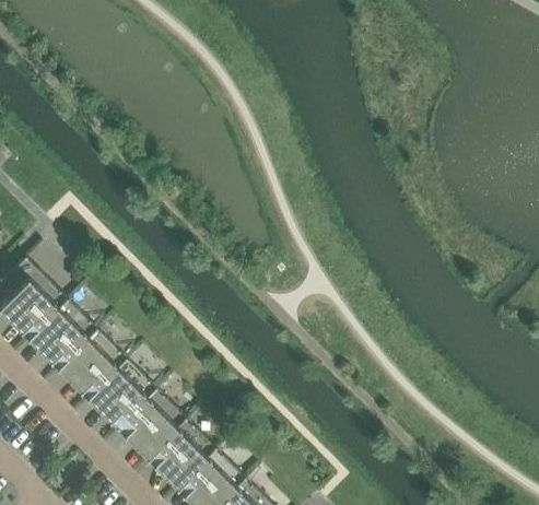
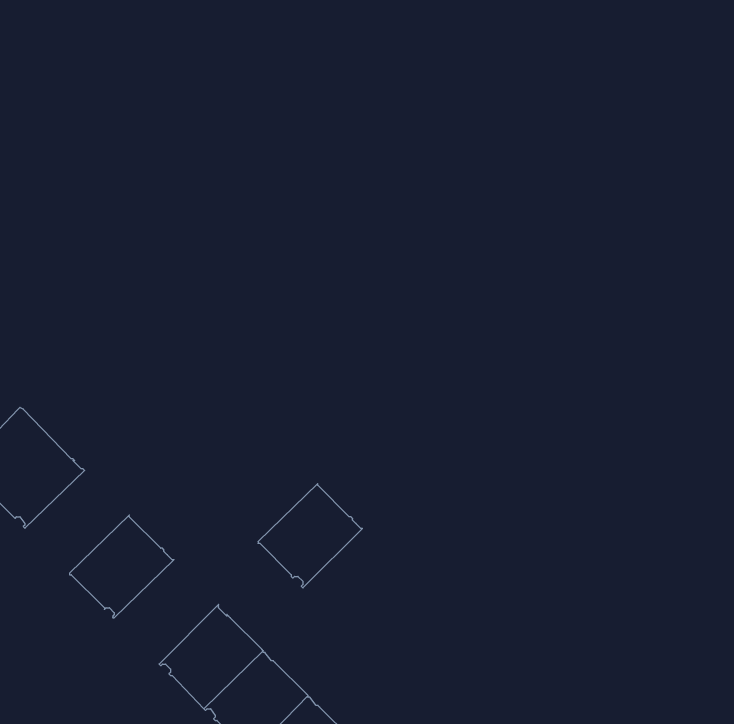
building: [39,314,108,381] -> none
building: [98,373,167,442] -> [258,484,362,588]

